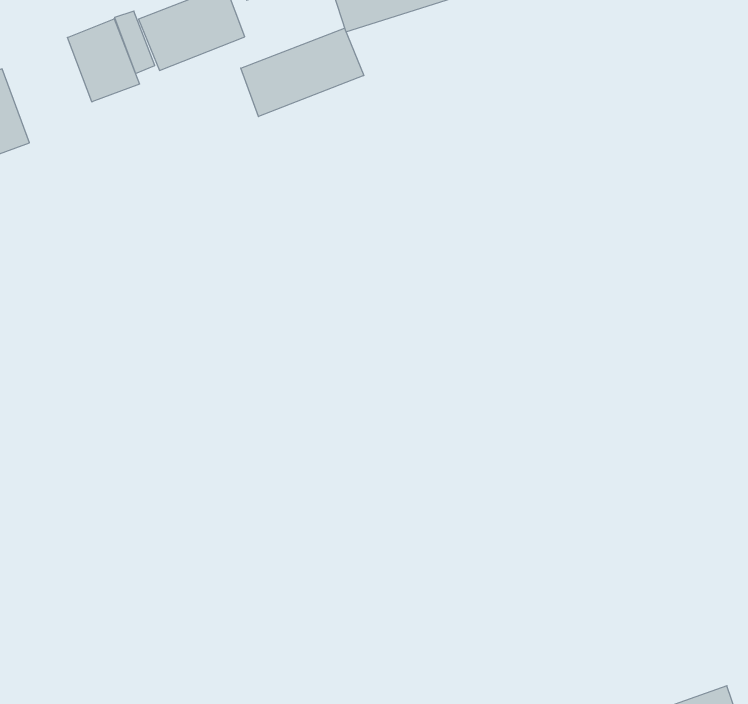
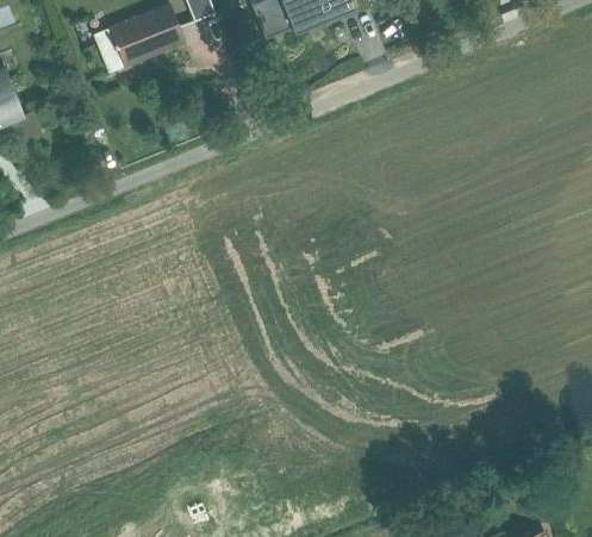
building: [67,19,139,102] -> none
building: [241,28,364,117] -> none

